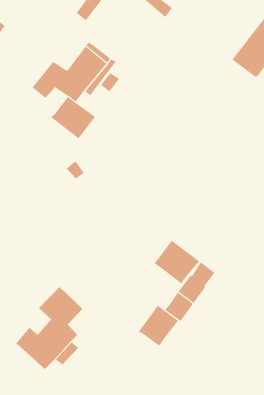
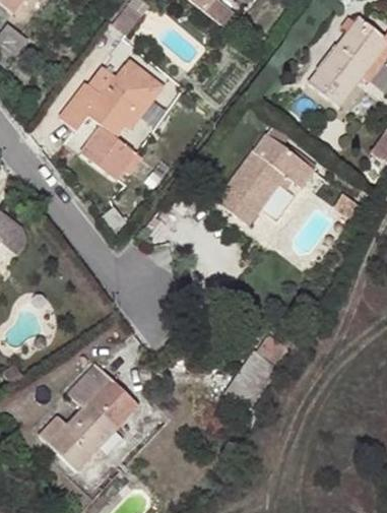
building: none -> [217,143,310,225]
building: [154,240,200,284] -> none
building: [138,305,179,346] -> none

